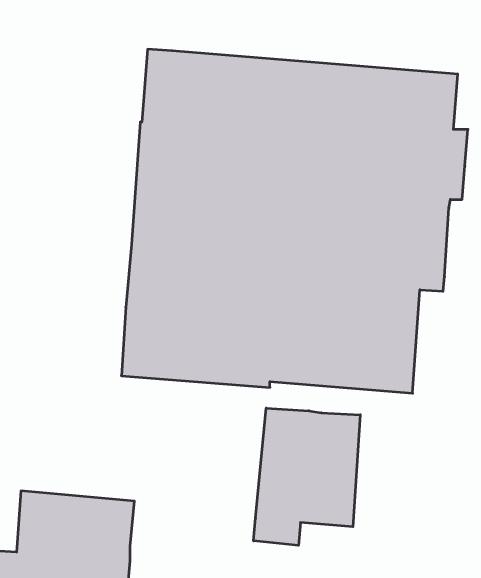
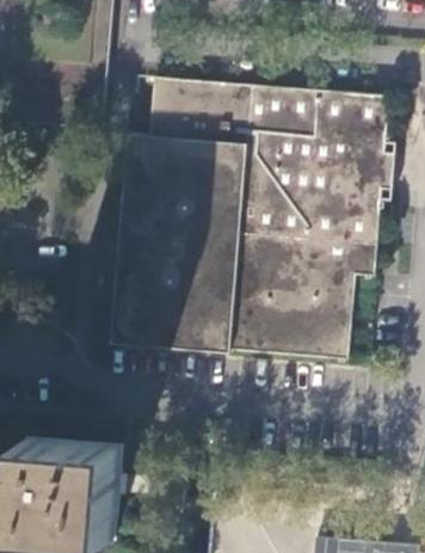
building: [254,408,360,545] -> none

